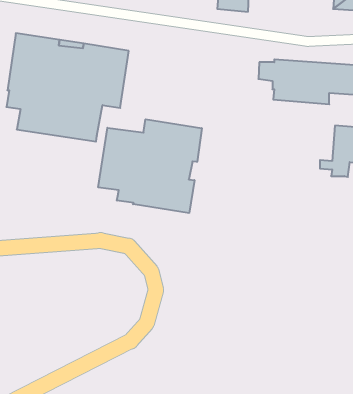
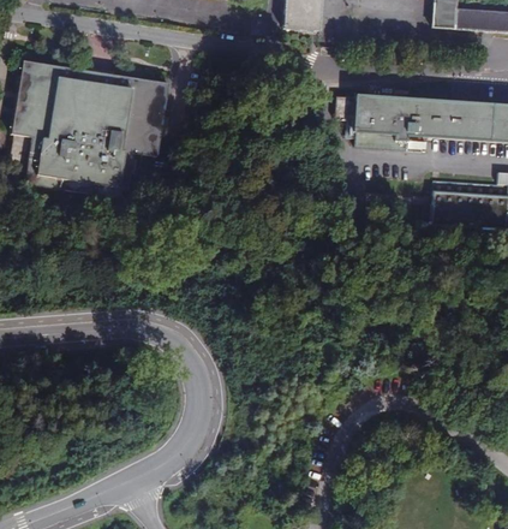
building: [98,119,202,213] -> none

